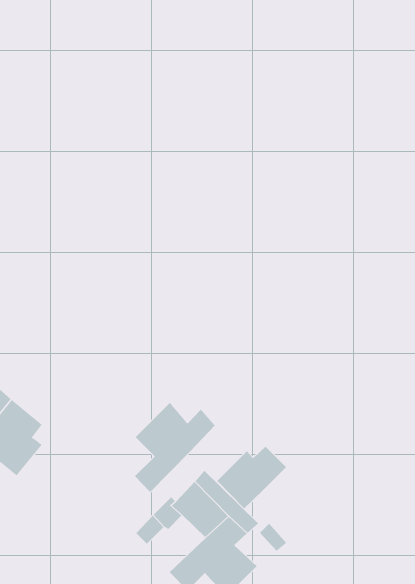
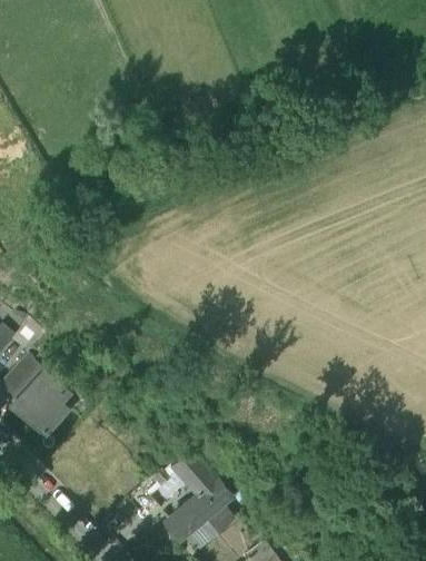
building: [134,402,216,493] -> none
building: [217,446,287,509] -> none

